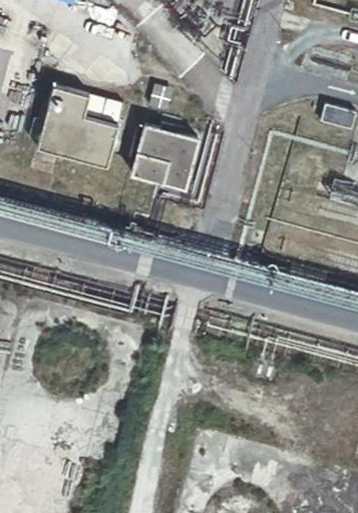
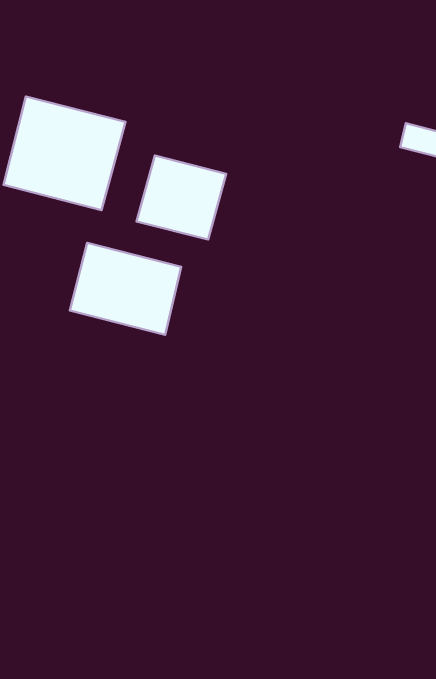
building: none -> [70,243,181,335]

